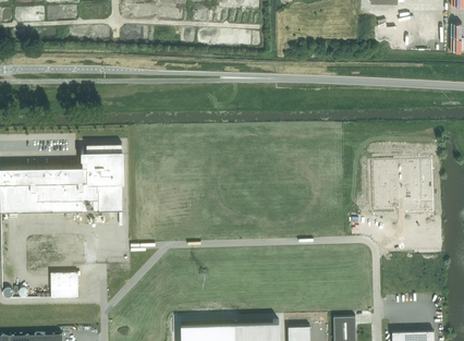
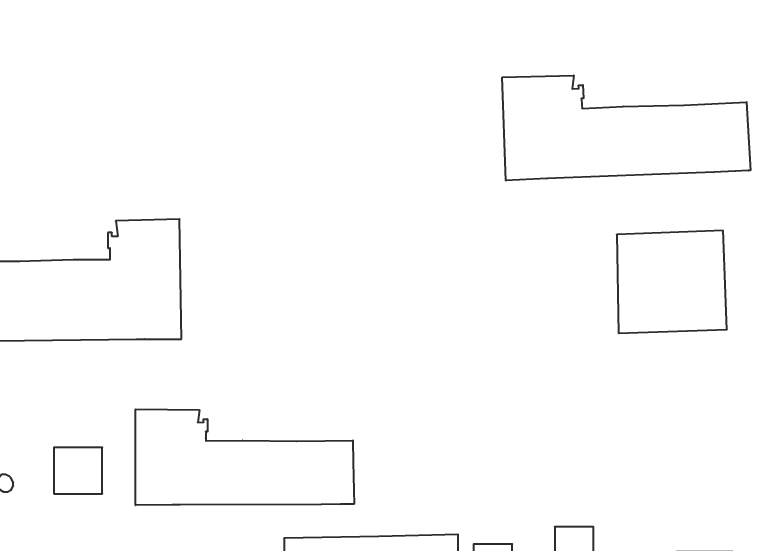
building: none -> [502,75,750,181]
building: none -> [136,409,354,505]

